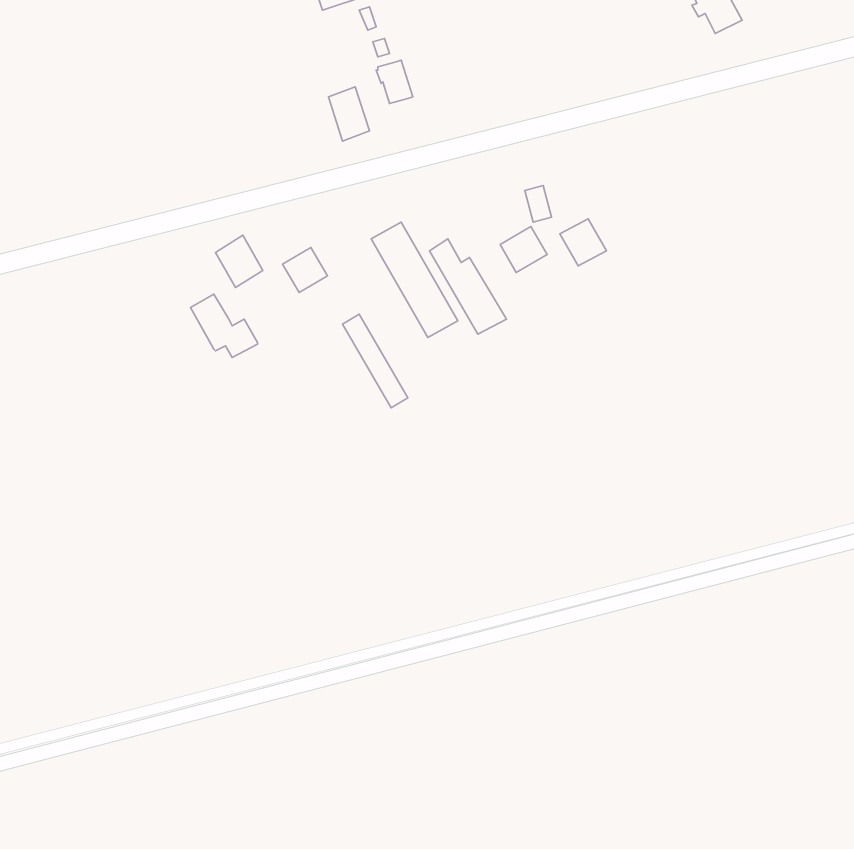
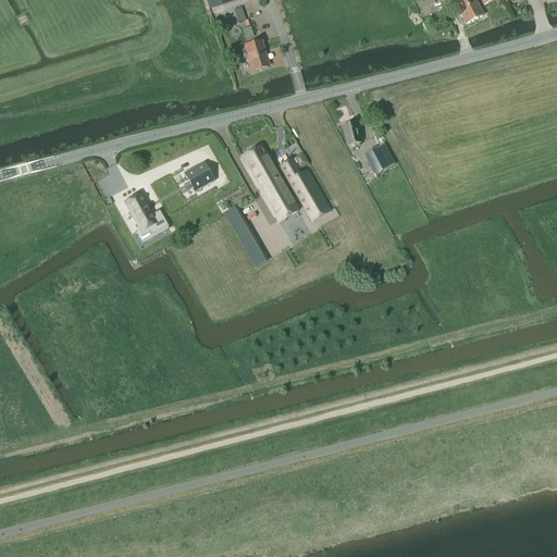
building: [328,87,369,141] -> none
building: [500,227,547,272] -> none
building: [216,235,263,288] -> none

